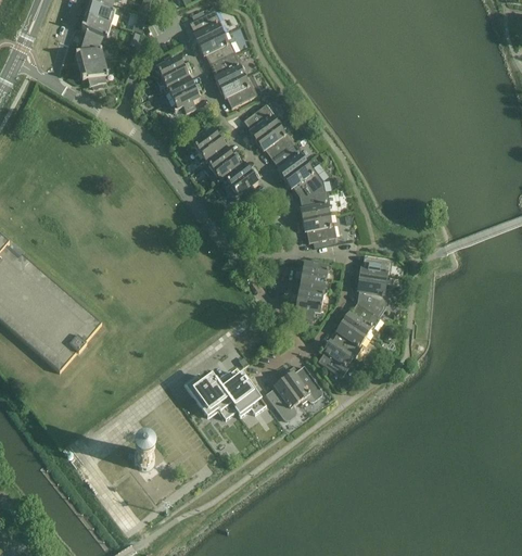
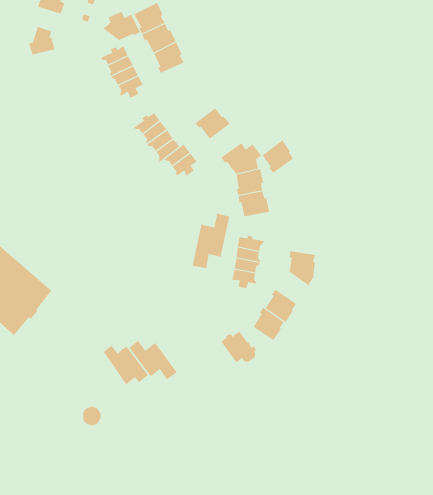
building: [81,14,111,40] -> none
building: none -> [102,11,140,41]
building: [79,60,109,85] -> none
building: [218,74,256,106] -> none
building: [243,102,278,140] -> none
building: [271,140,306,177] -> [262,140,294,174]
building: none -> [192,213,230,269]
building: [358,254,392,282] -> none
building: [342,301,380,336] -> none
building: [216,371,266,415] -> [103,345,149,385]
building: [265,377,300,419] -> none

